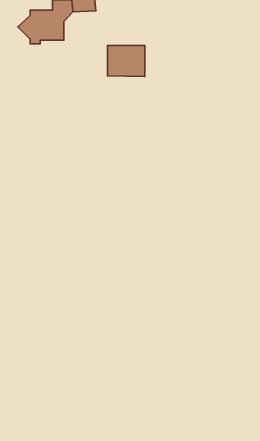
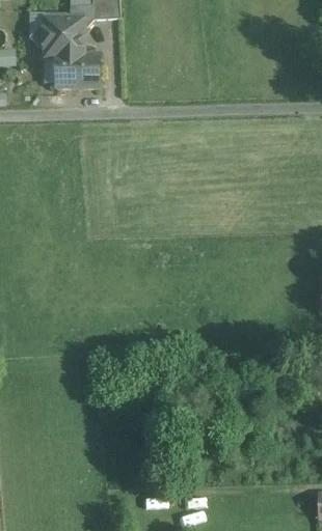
building: [108,46,145,77] -> [54,52,98,88]

